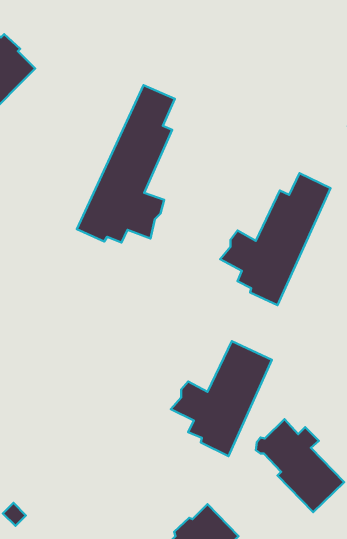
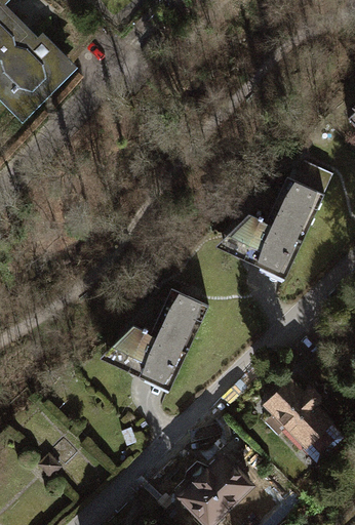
building: [77,85,175,243] -> none
building: [171,341,272,456] -> [117,288,207,391]

